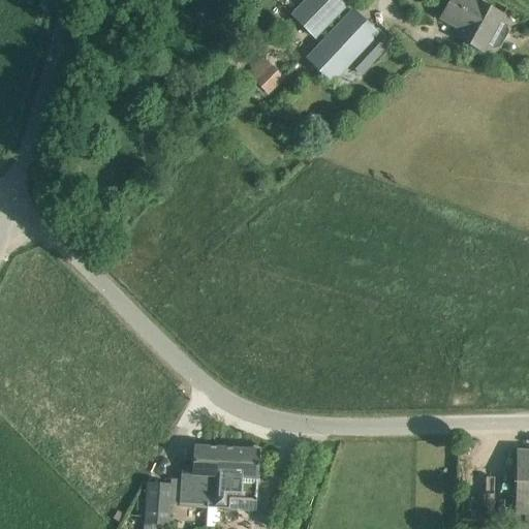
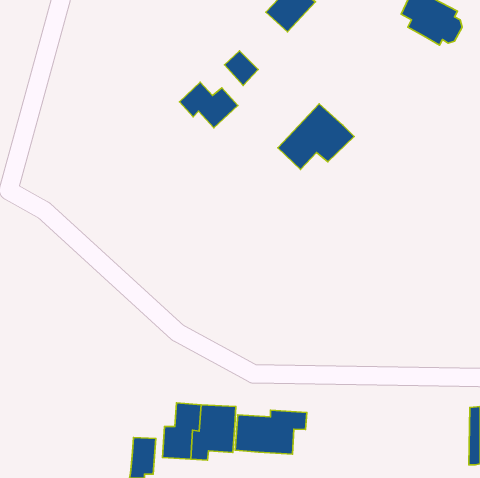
building: [307,8,391,81] -> [278,104,354,169]
building: none -> [179,82,238,128]
building: none -> [235,410,307,454]

